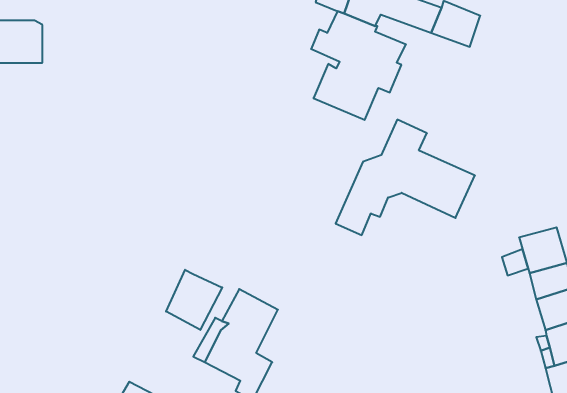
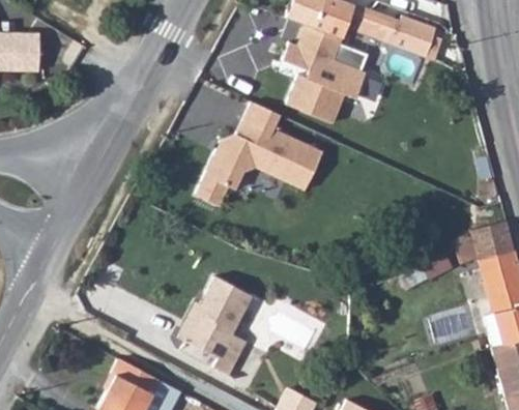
building: [336,120,475,235] -> [195,100,321,205]
building: [166,270,222,330] -> none

